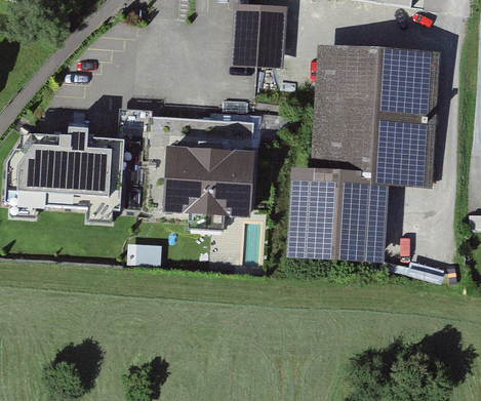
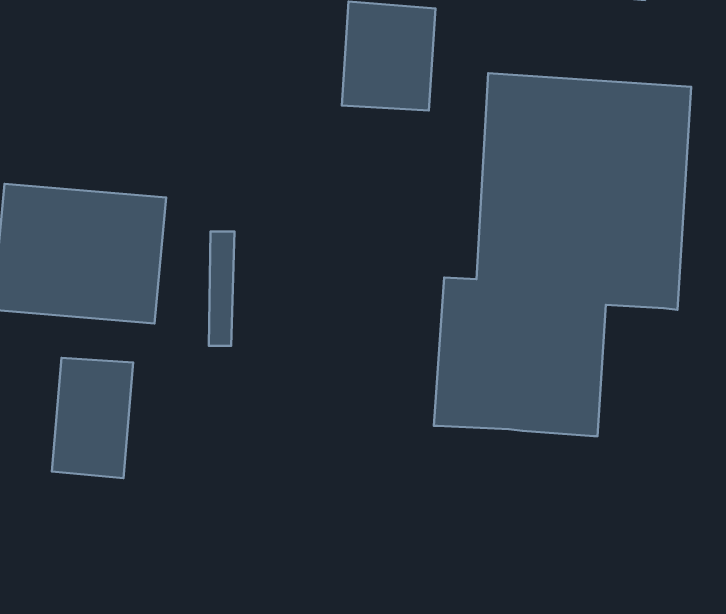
building: [167,126,256,211] -> none
building: none -> [52,358,133,478]

